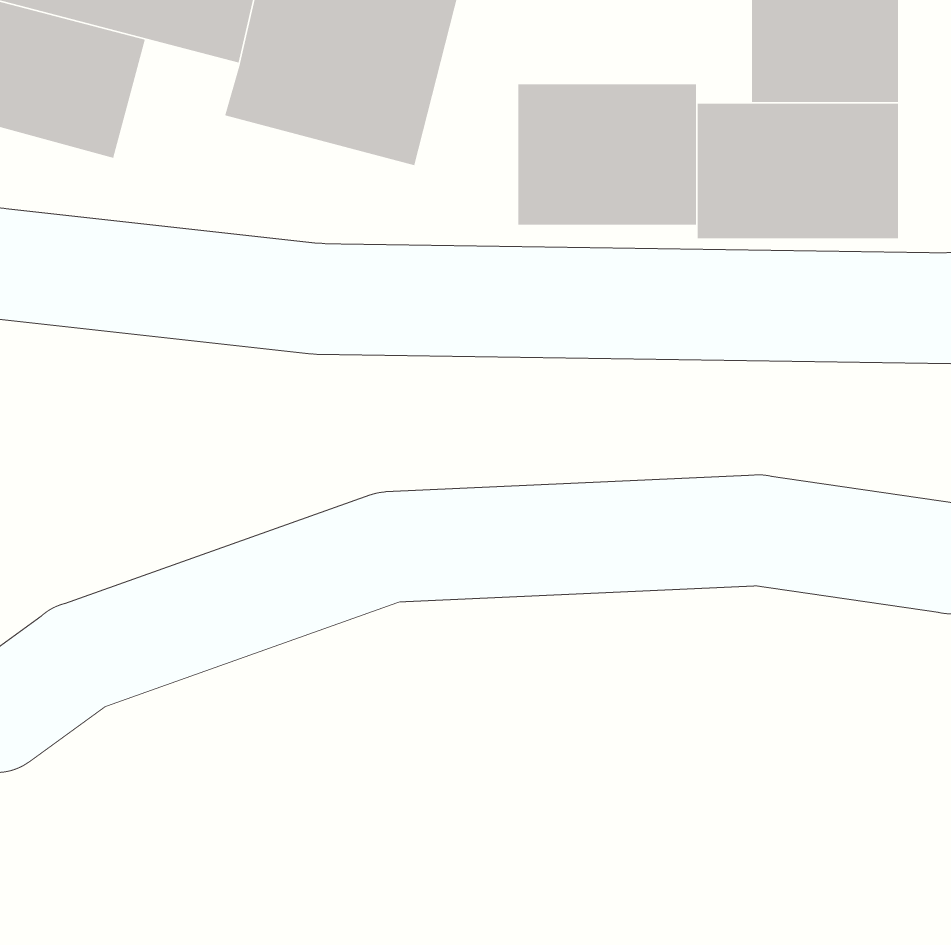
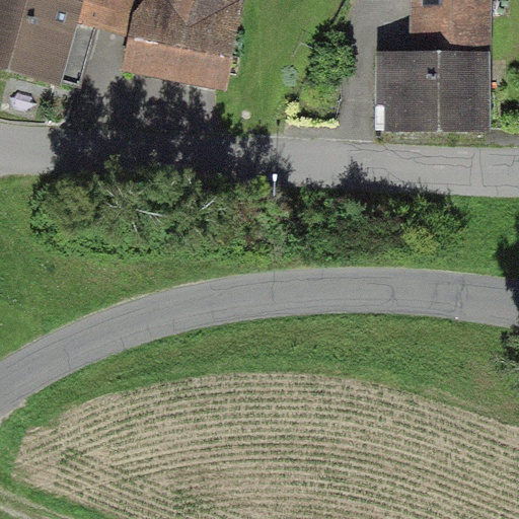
building: [517,83,697,226] -> none

